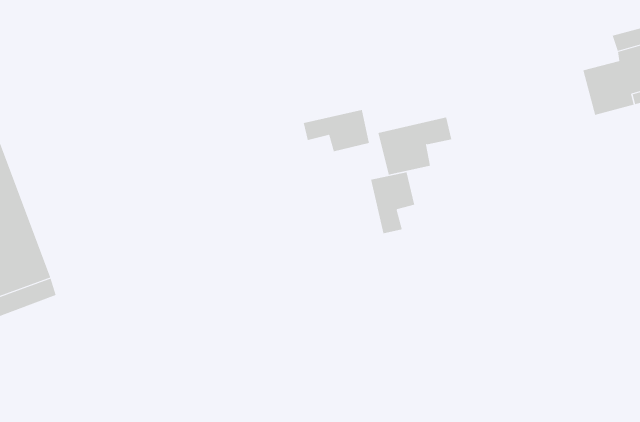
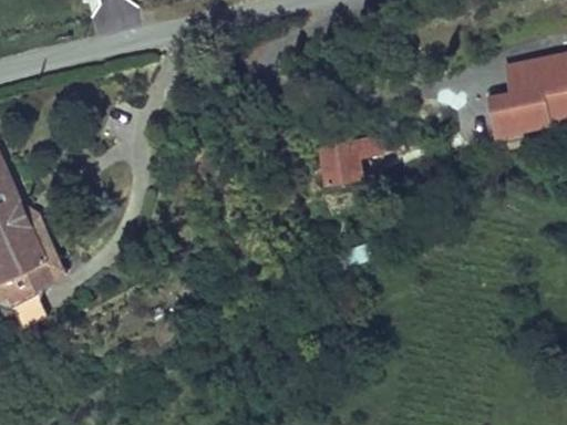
building: [303,109,369,152] -> none
building: [371,171,415,234] -> none

